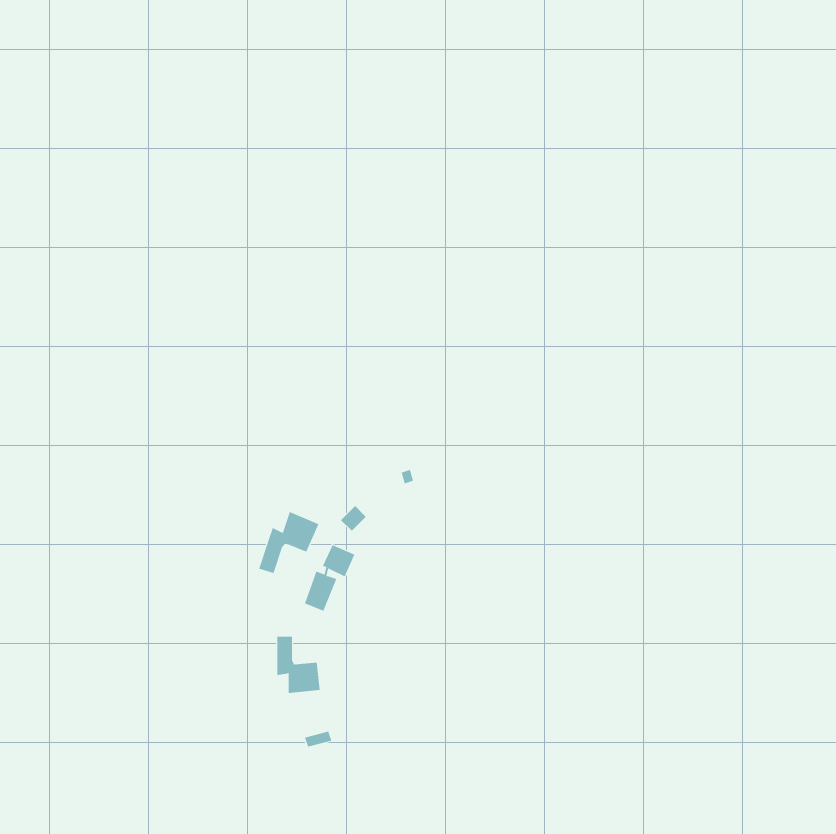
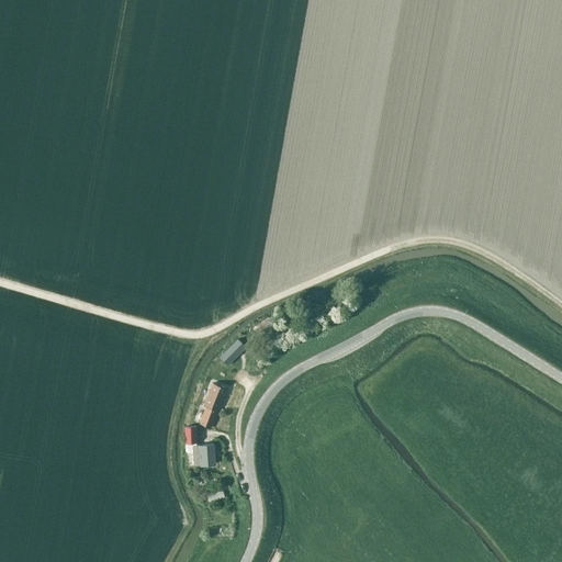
building: [259,511,319,574] -> none

